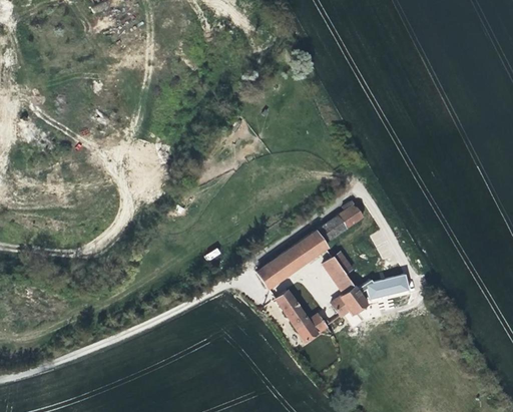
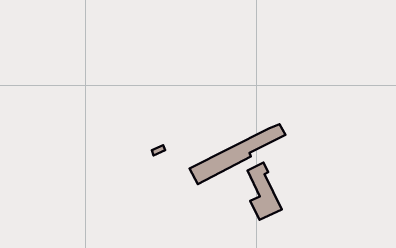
building: [365,275,411,301] -> none
building: [276,290,330,345] -> none

